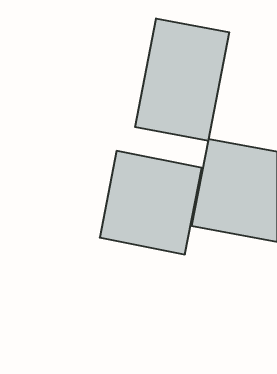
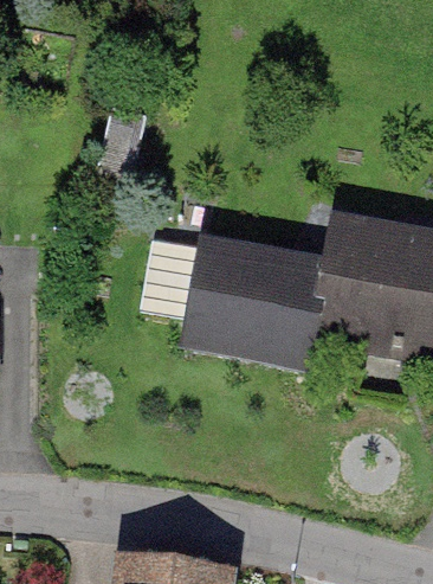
building: [135,18,229,141] -> none

